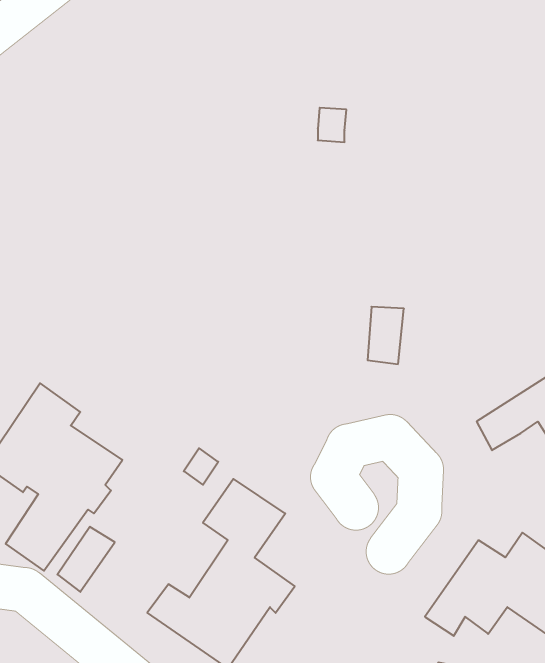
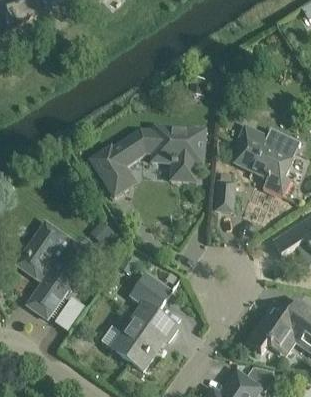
building: none -> [90,124,205,196]
building: none -> [234,124,300,194]

